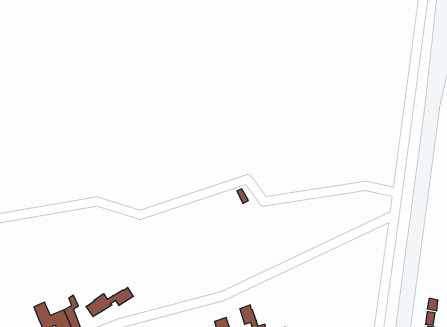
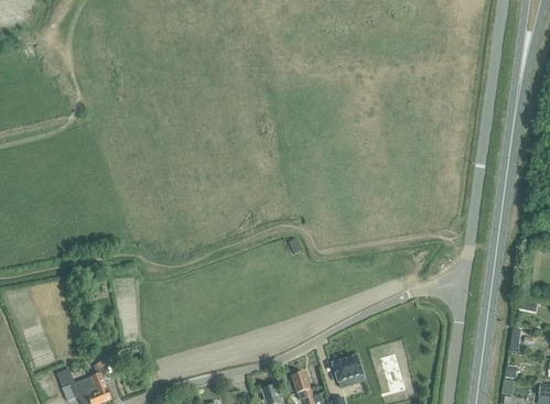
building: [86,287,133,317] -> none
building: none -> [327,354,362,384]

